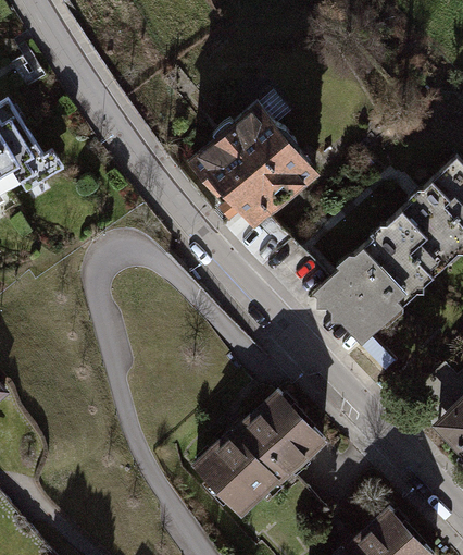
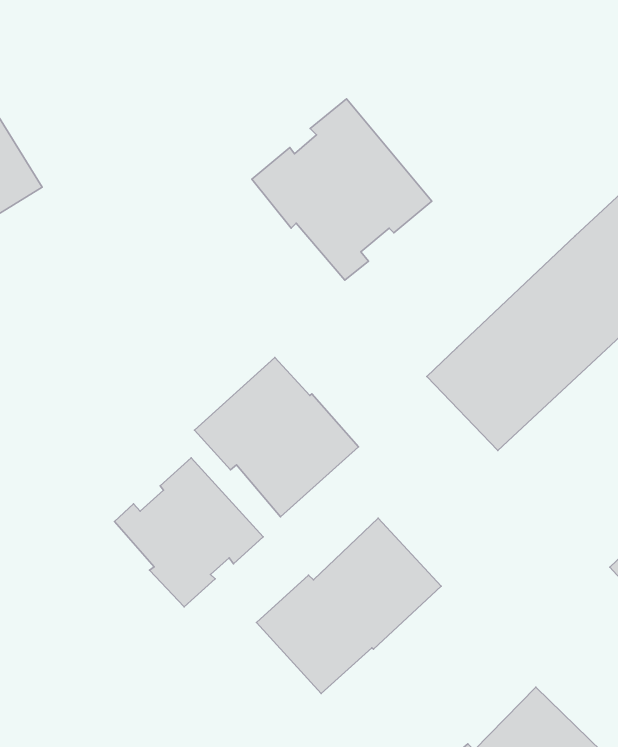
building: none -> [195,357,358,517]
building: none -> [115,458,263,607]

